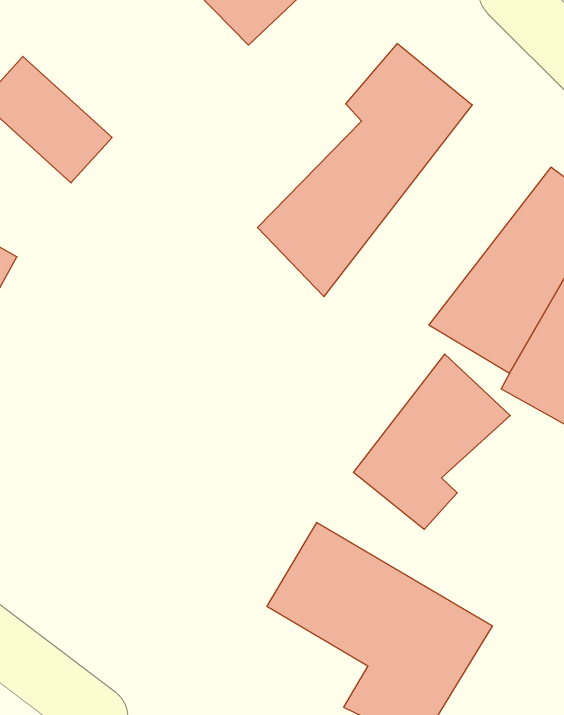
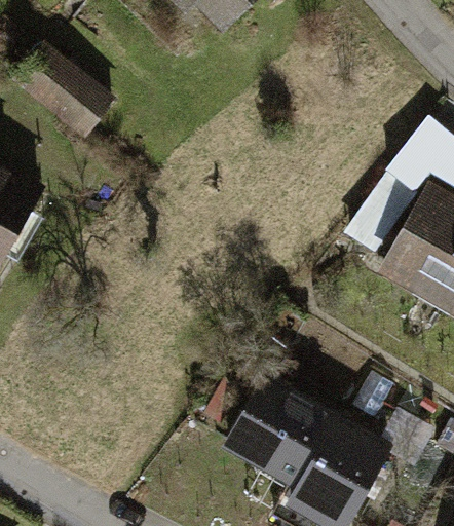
building: [257,44,472,297] -> none
building: [353,354,510,529] -> none

